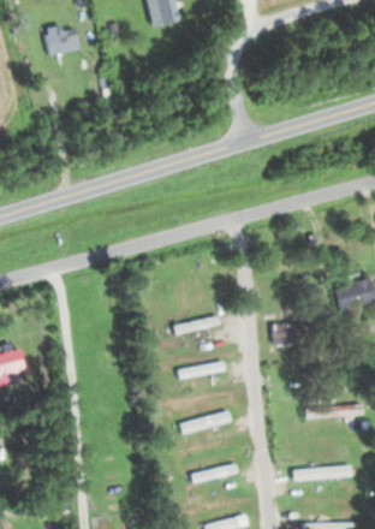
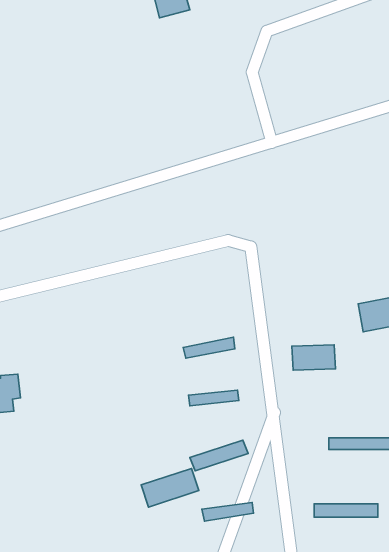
building: [43,28,79,54] -> none
building: none -> [141,469,199,507]

